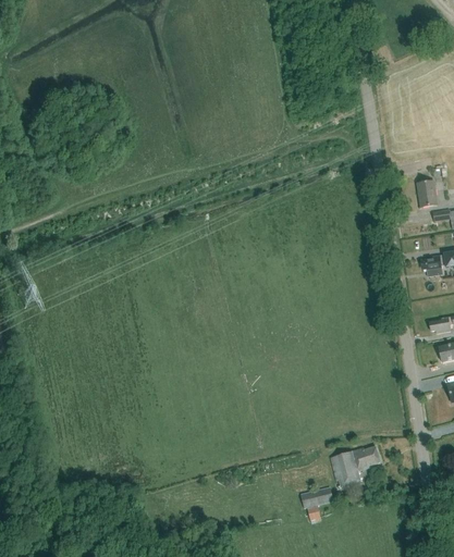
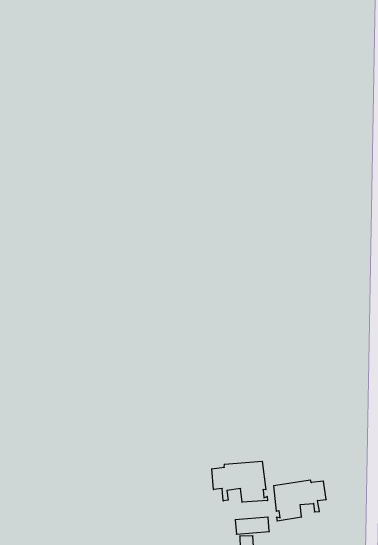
building: none -> [212,461,267,502]

